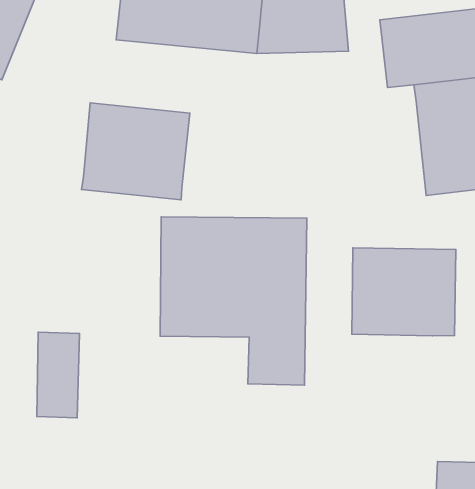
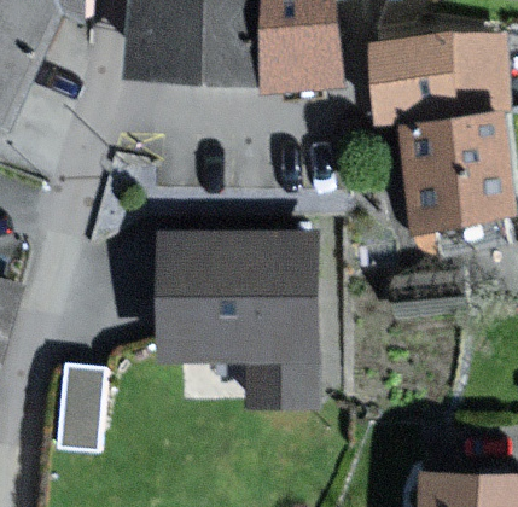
building: [81,103,190,200] -> none
building: [352,248,456,336] -> none

